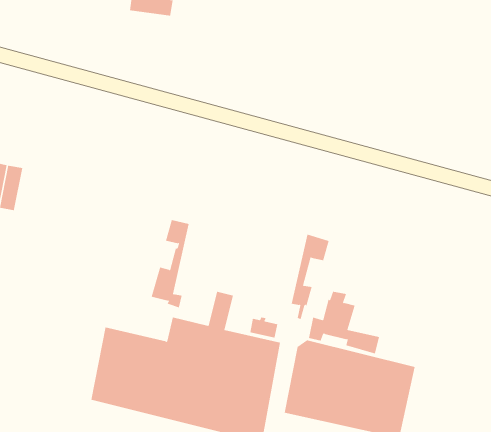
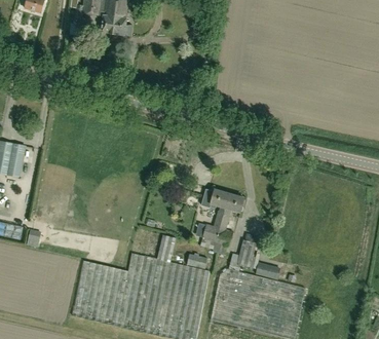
building: [151,219,190,308] -> [200,190,228,254]

